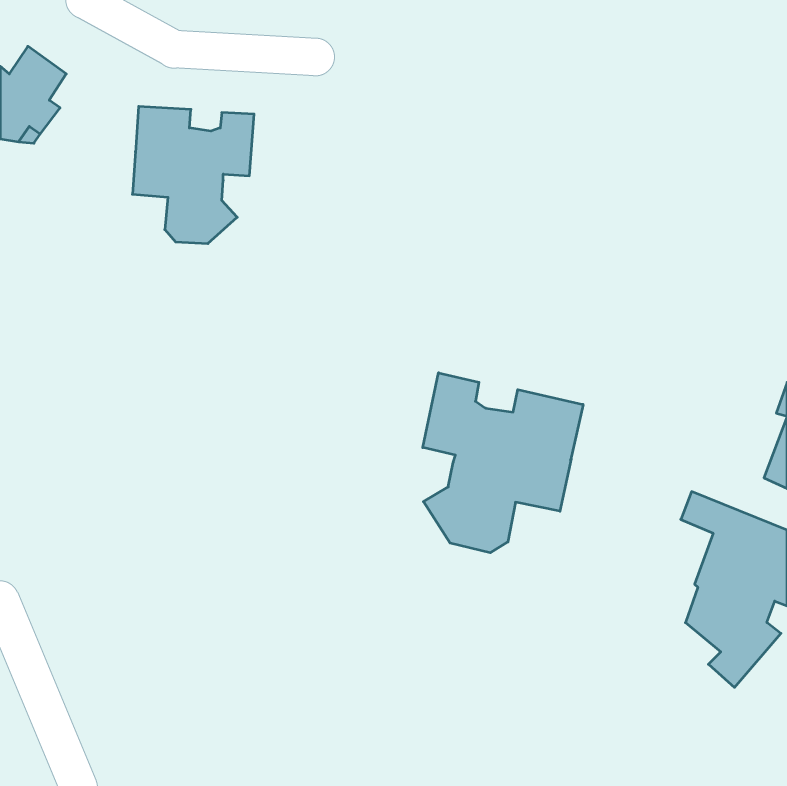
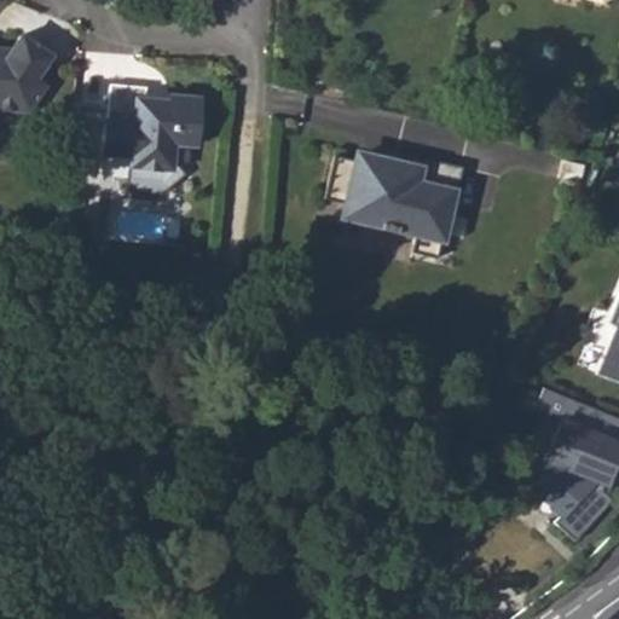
building: none -> [334,155,472,261]
building: [423,373,583,553] -> none

